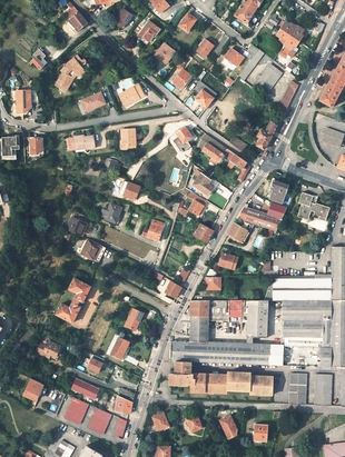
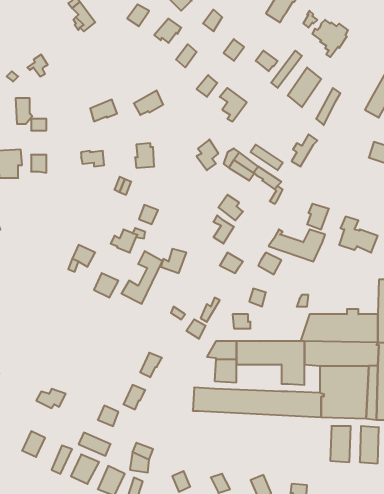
building: [55,57,83,92] -> none
building: [55,278,90,324] -> [121,251,162,304]
building: [169,368,273,395] -> none

